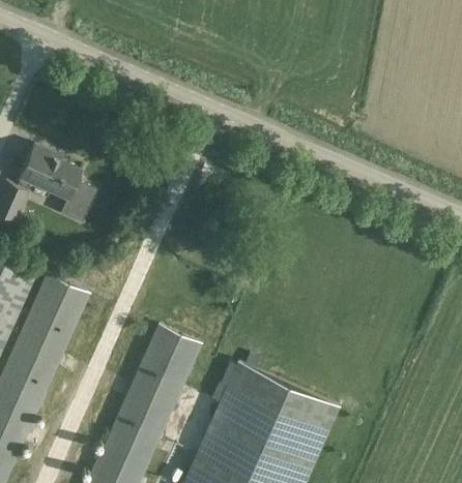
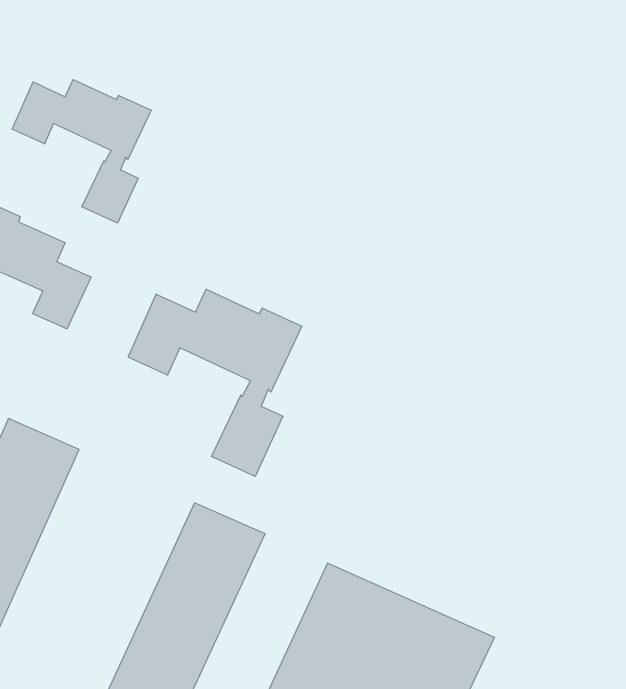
building: none -> [12,80,151,223]
building: none -> [128,289,302,476]

